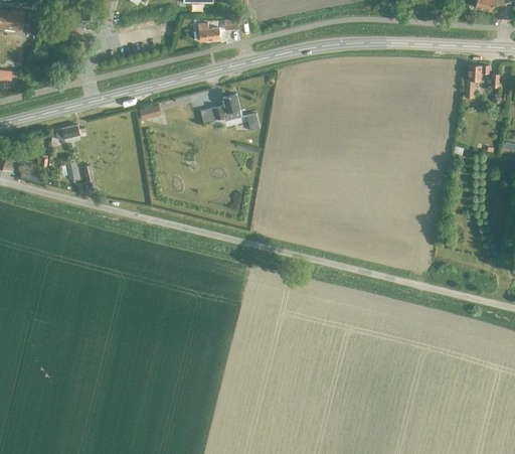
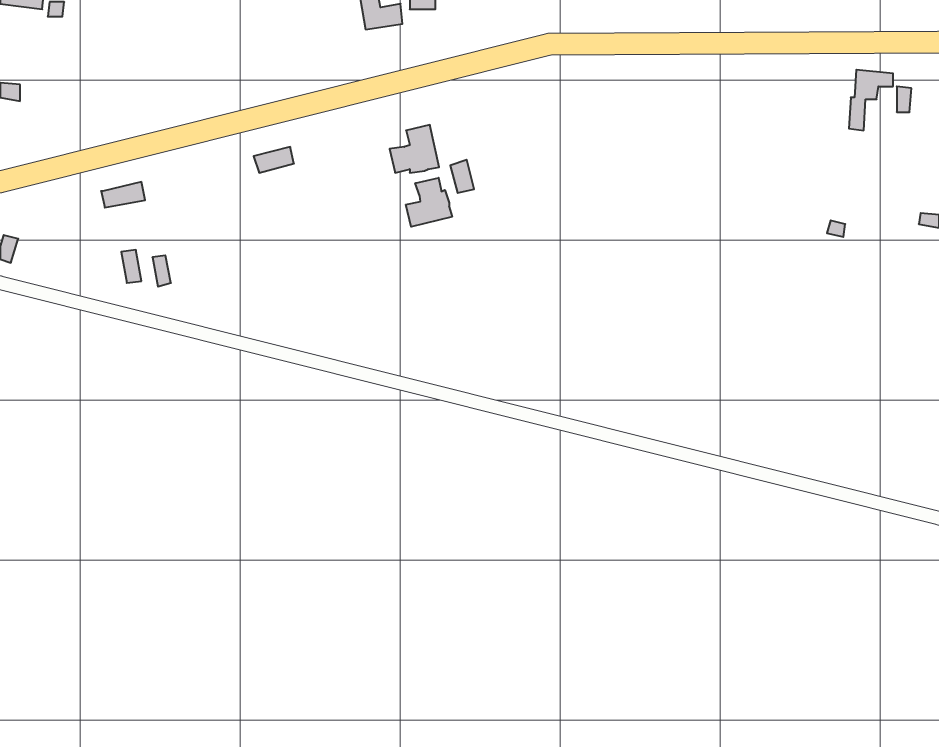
building: none -> [406,178,452,227]

